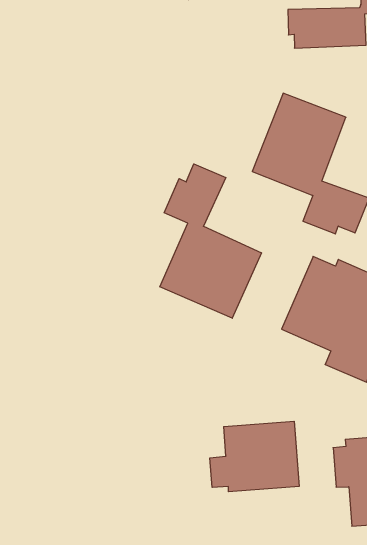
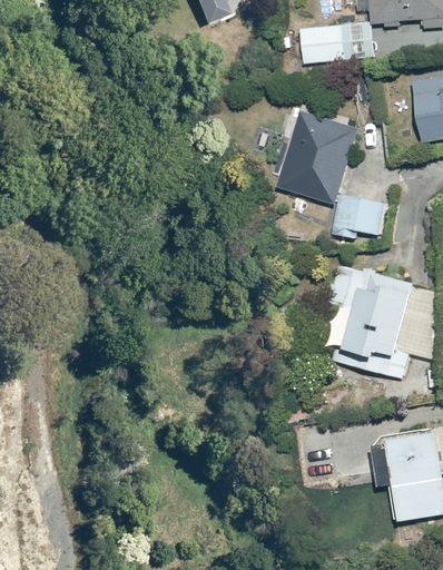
building: [160,164,261,318] -> none
building: [210,421,299,492] -> none

